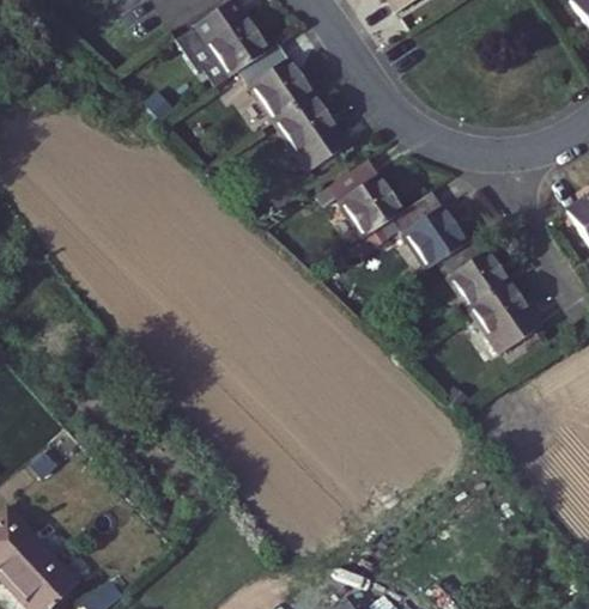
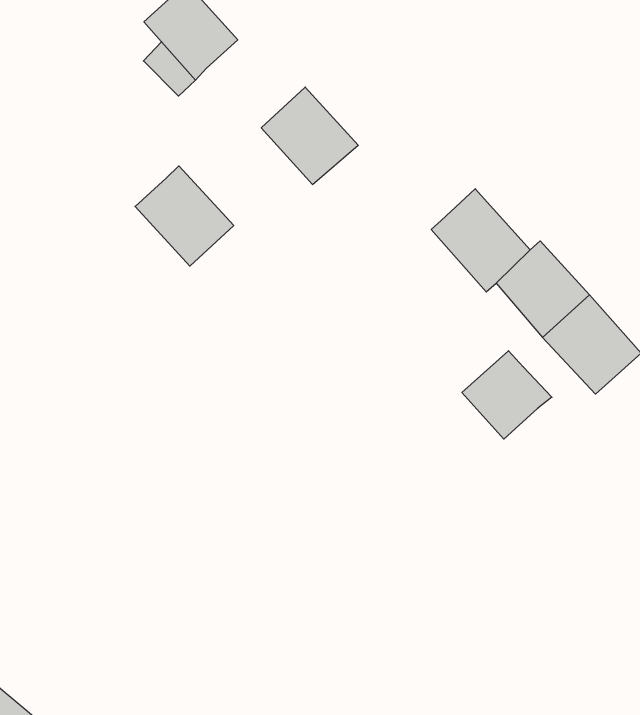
building: [235,42,309,120] -> [135,166,234,266]
building: [329,157,402,233] -> none
building: none -> [462,351,552,439]

